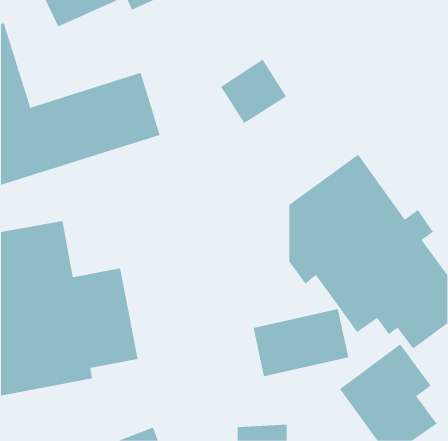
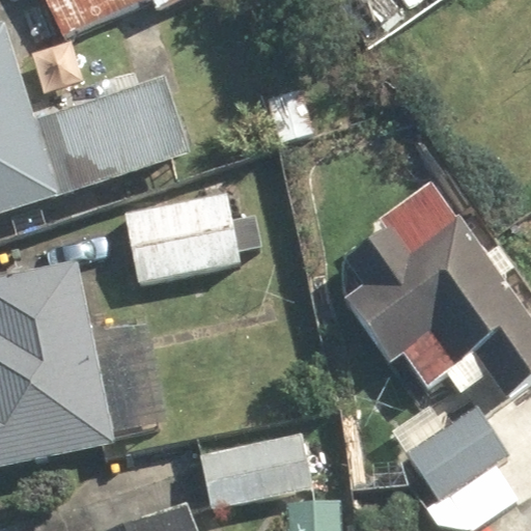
building: none -> [122,195,263,281]
building: [253,308,349,377] -> [197,427,311,508]

